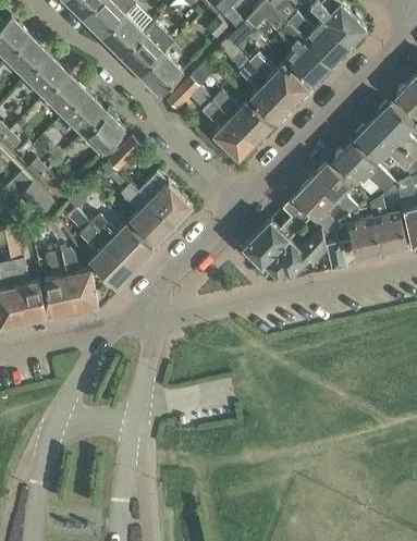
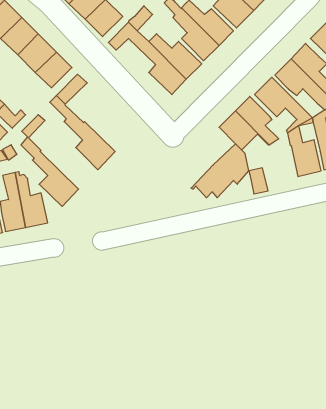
building: [139,173,192,225] -> none
building: [243,198,310,267] -> none
building: [345,212,381,259] -> none
building: [89,216,151,268] -> none

